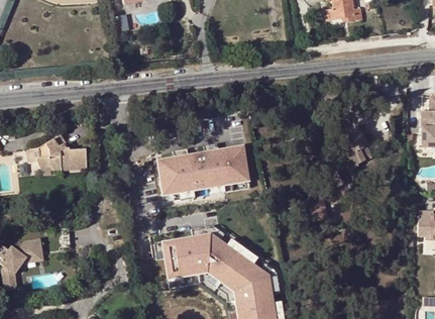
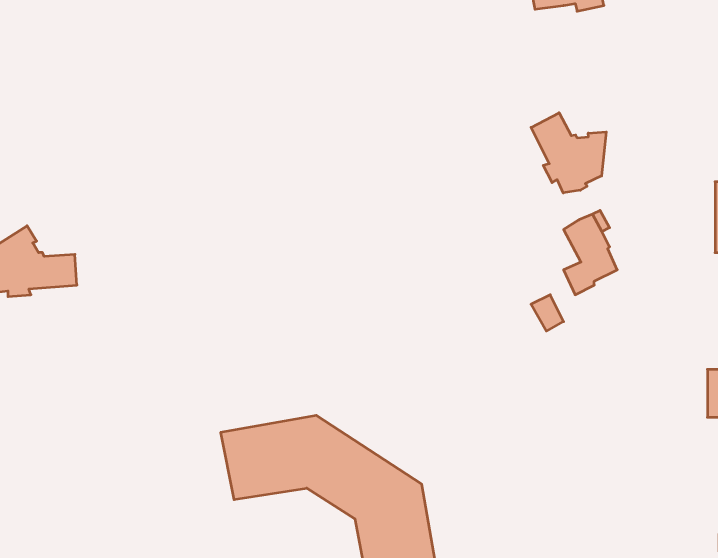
building: none -> [531,113,606,193]
building: [156,147,248,195] -> none

